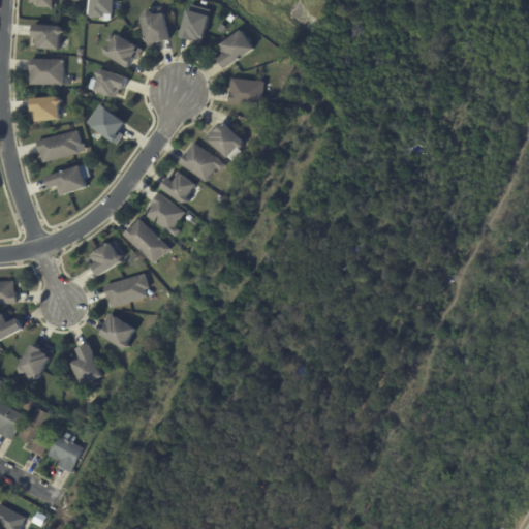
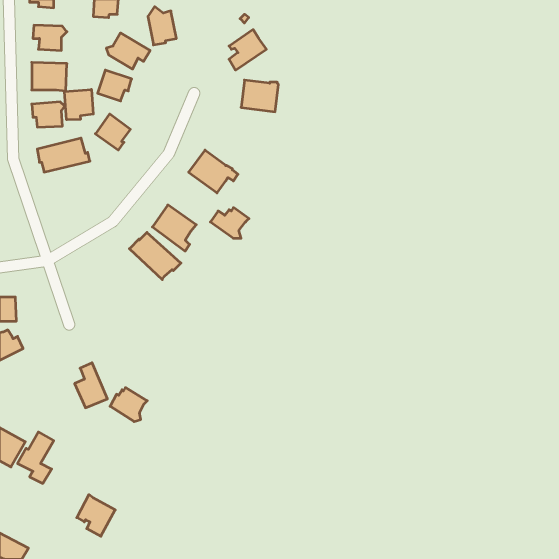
building: [178,6,207,42] -> none
building: none -> [64,89,93,120]
building: [207,123,243,158] -> none
building: [44,164,86,195] -> none
building: [160,175,196,204] -> [210,208,249,238]
building: [92,243,122,276] -> none
building: [103,273,149,307] -> none
building: [100,317,135,349] -> [110,388,147,422]
building: [18,346,53,380] -> none
building: [46,434,83,473] -> [77,495,115,536]

